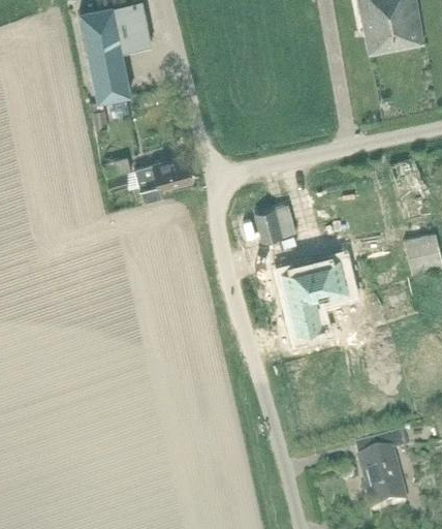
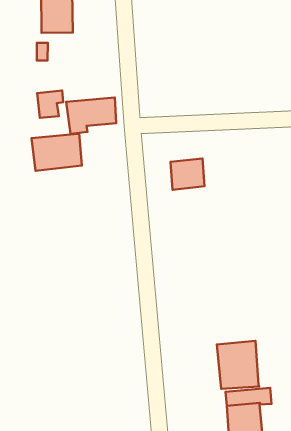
building: none -> [32,133,82,171]
building: [278,256,359,340] -> none
building: none -> [217,341,259,389]

